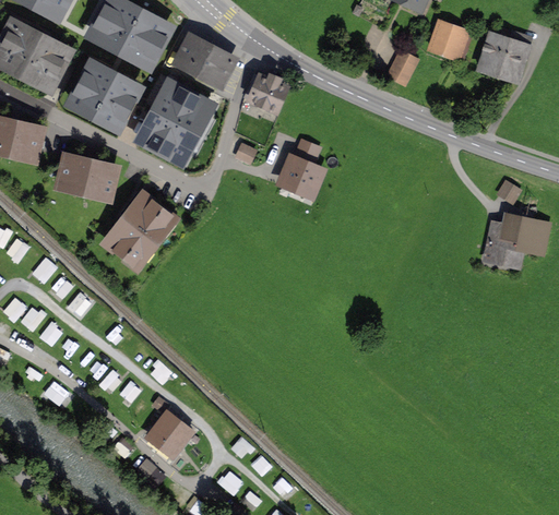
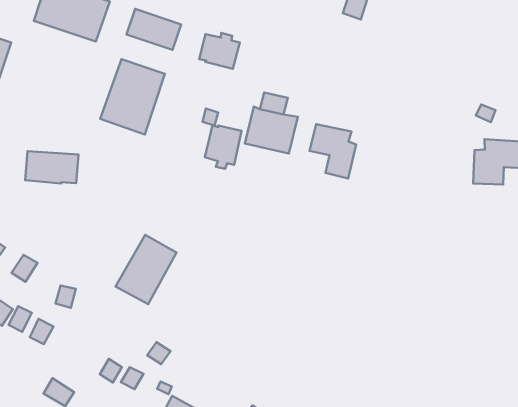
building: [71,67,135,128] -> none
building: none -> [205,125,242,169]
building: none -> [309,124,356,178]
building: [107,199,170,265] -> [116,235,177,304]

